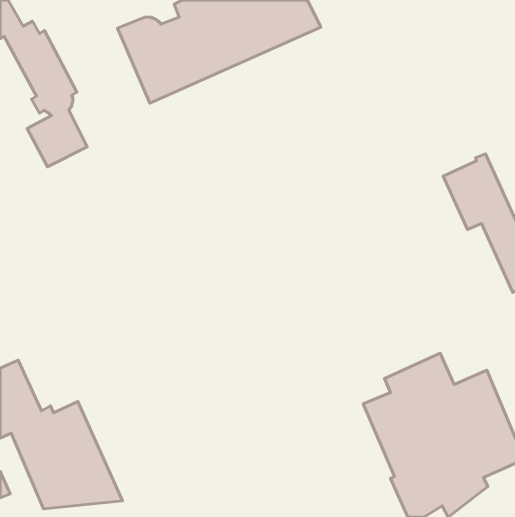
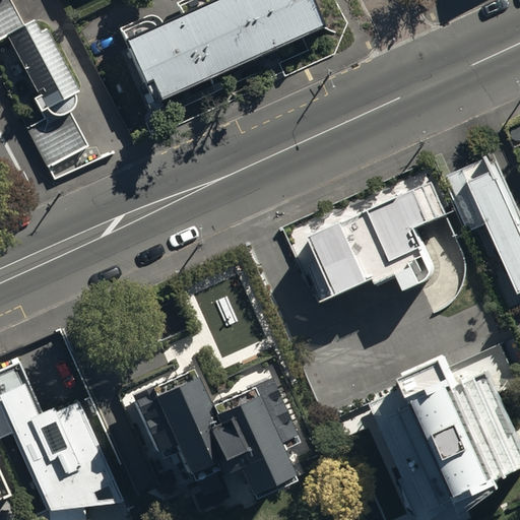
building: none -> [306,179,453,297]
building: none -> [128,370,297,497]

